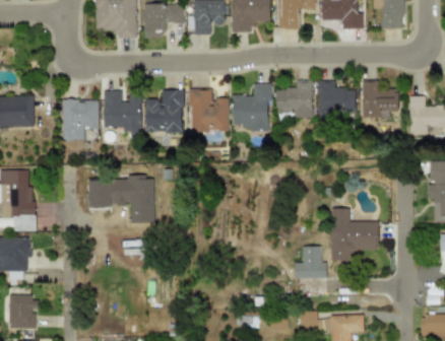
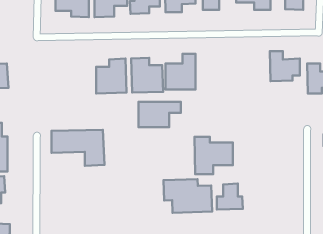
building: [319,80,356,118] -> none
building: [275,81,312,117] -> none
building: [103,90,141,132] -> none
building: [62,99,99,139] -> none
building: none -> [138,102,181,127]
building: [331,214,379,261] -> [194,137,233,174]
building: none -> [163,179,212,213]

